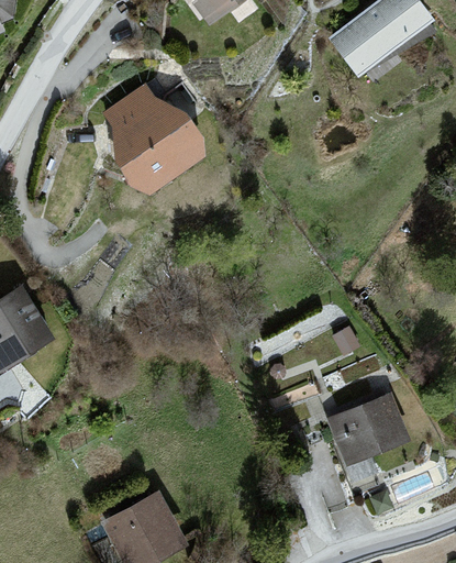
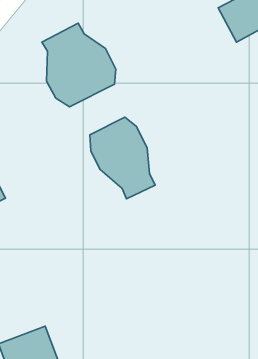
building: none -> [90,117,155,199]
building: [321,376,409,487] -> none

